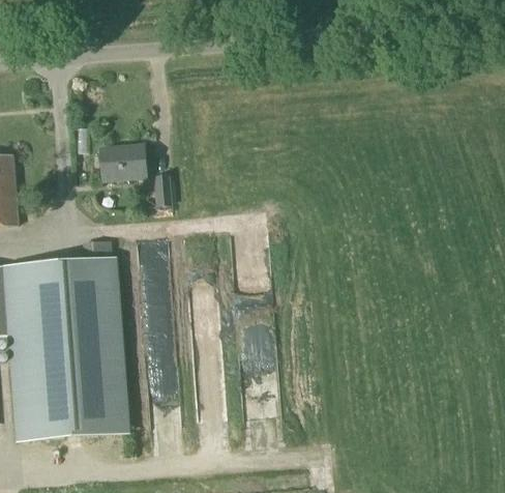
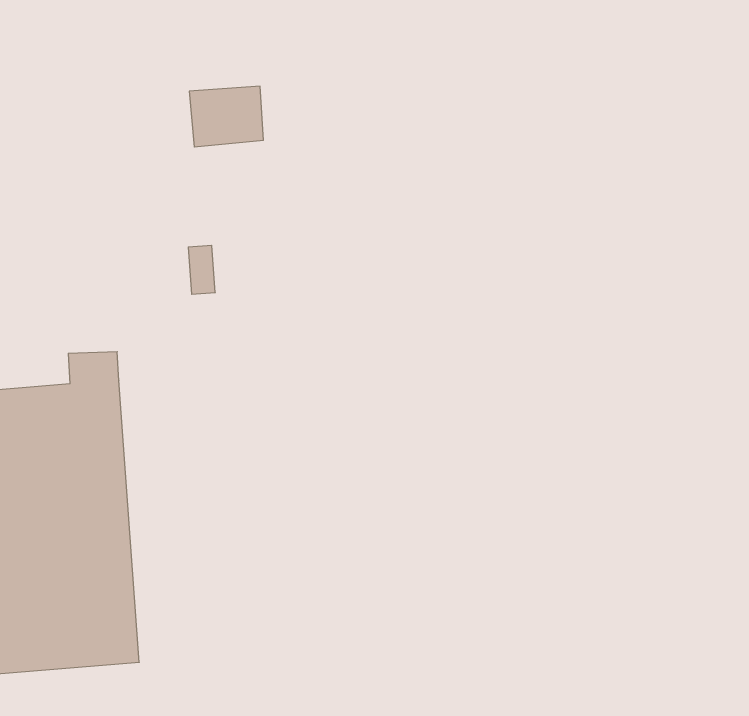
building: [100,143,146,180] -> [189,86,263,147]

